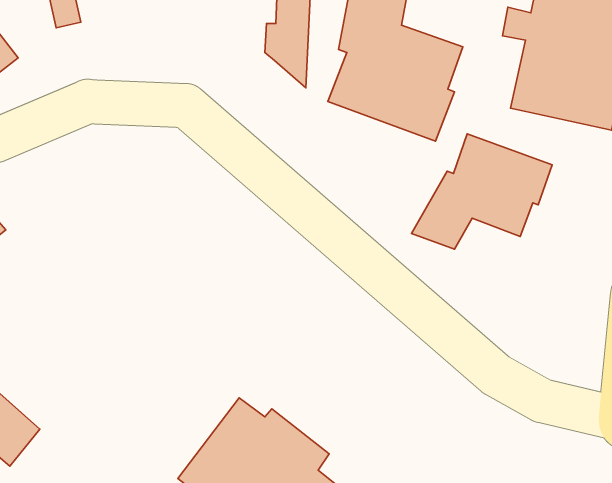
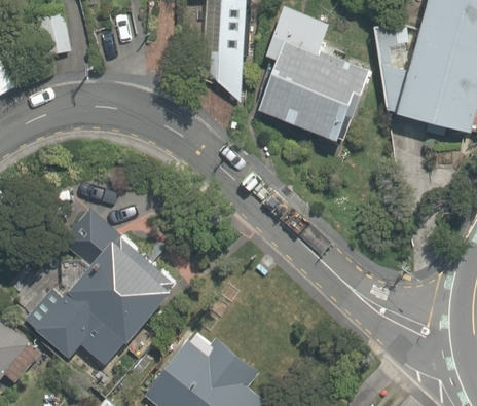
building: [411,134,552,249] -> none
building: none -> [25,209,175,365]

